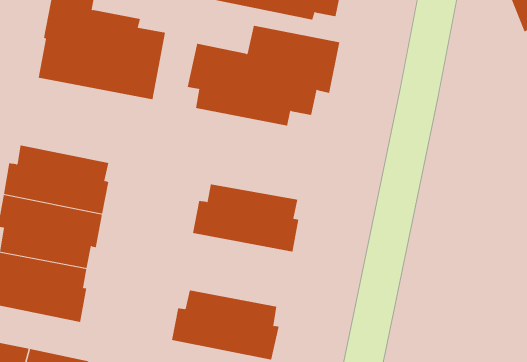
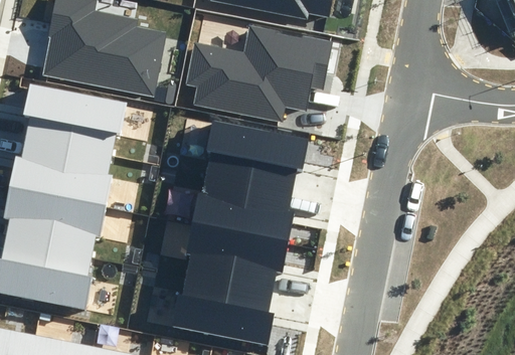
building: none -> [23,84,126,157]
building: none -> [205,121,308,192]
building: none -> [185,224,287,295]

